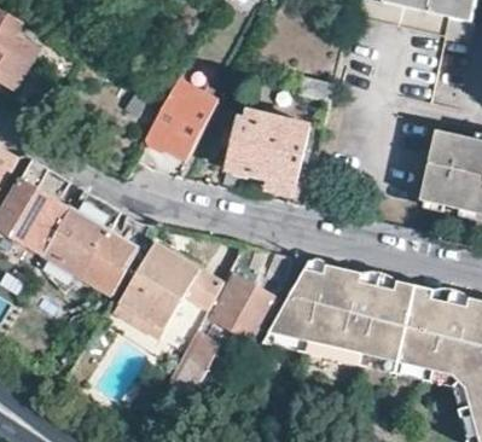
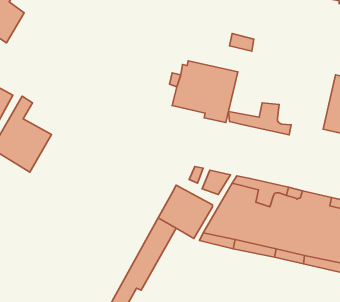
building: [145,76,220,158] -> none
building: none -> [228,103,291,135]
building: [42,205,150,293] -> none
building: [111,240,201,342] -> none

